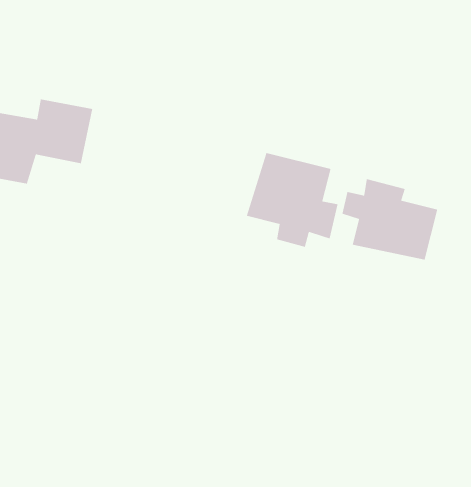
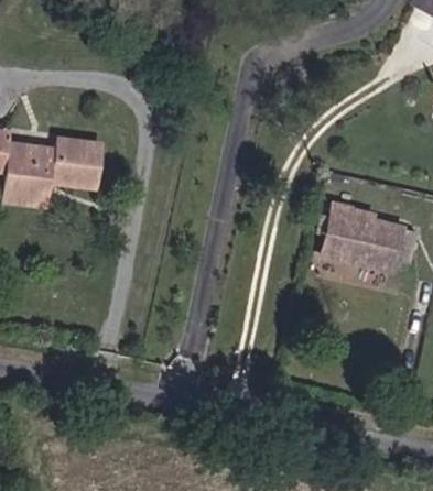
building: [246,152,339,248] -> none

